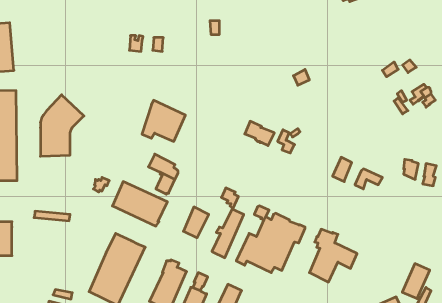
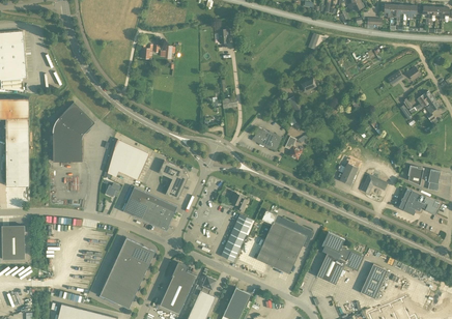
building: [142,100,185,141] -> [106,139,148,179]
building: none -> [398,188,437,214]
building: [402,264,430,299] -> [360,263,387,297]

